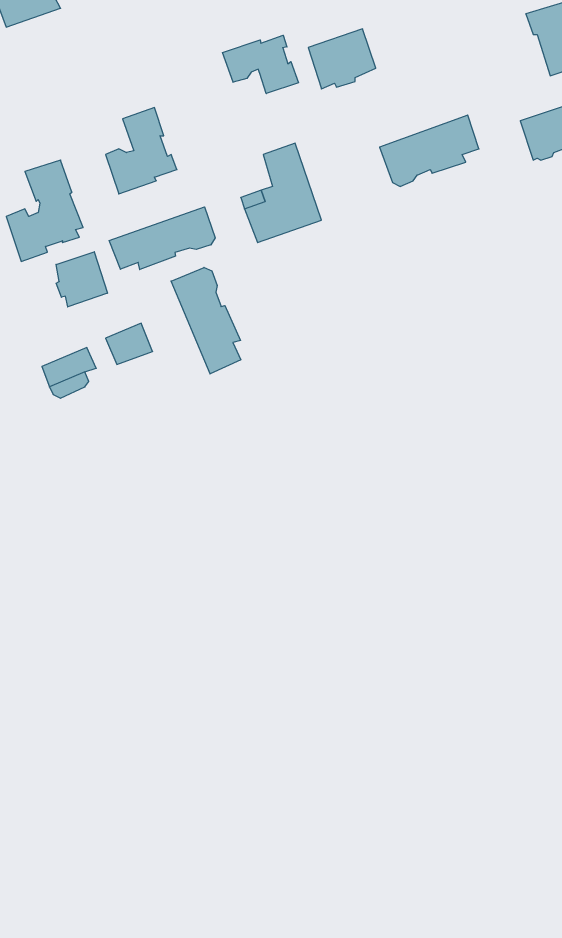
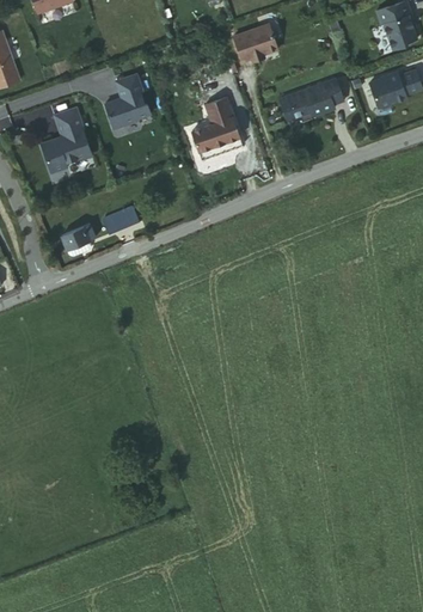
building: [222,35,298,94] -> none
building: [109,207,215,270] -> none
building: [56,252,107,307] -> none
building: [171,267,241,374] -> none

